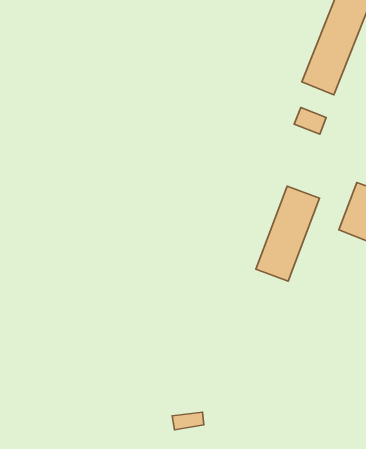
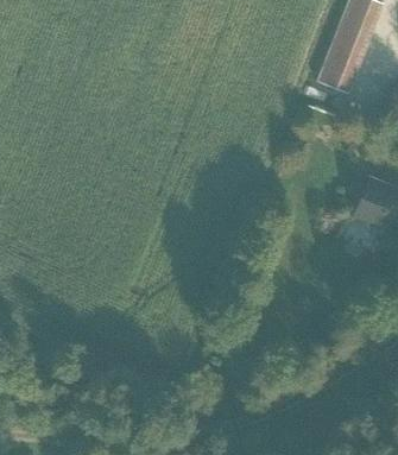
building: [256,186,319,281] -> none

